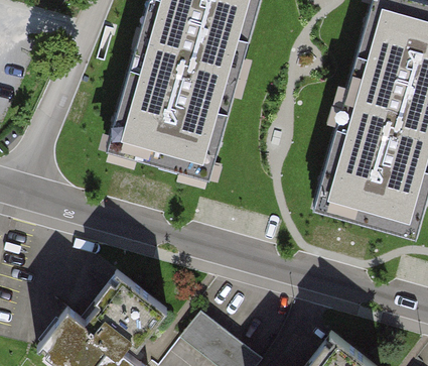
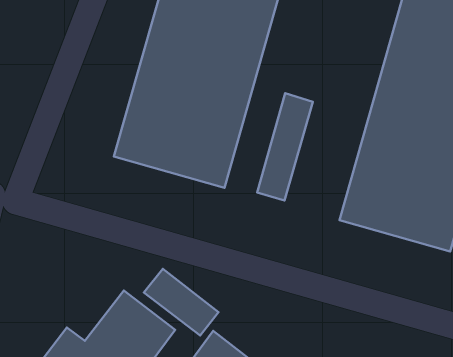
building: none -> [257,93,313,200]
building: none -> [144,269,218,336]

